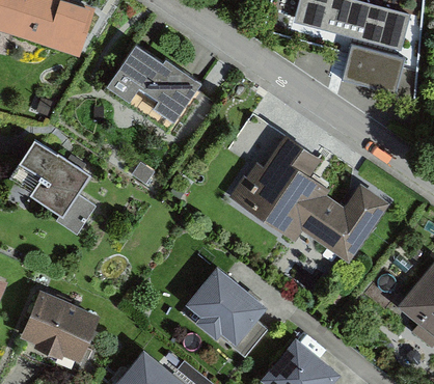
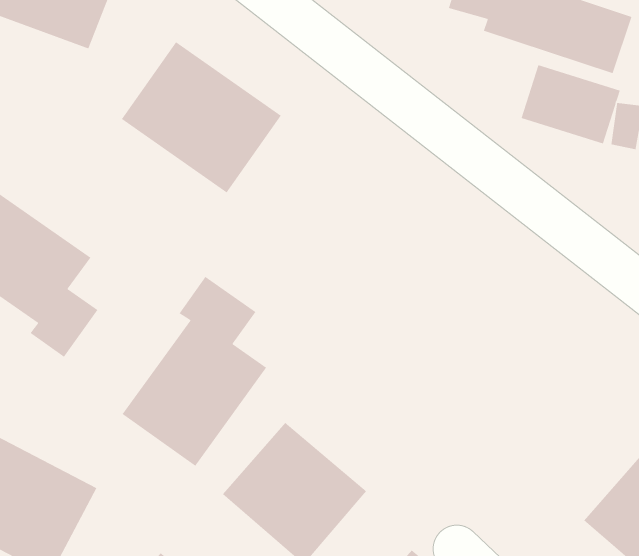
building: [229,136,392,268] -> none
building: none -> [122,276,267,467]

